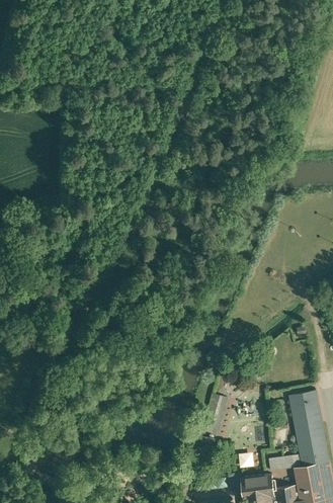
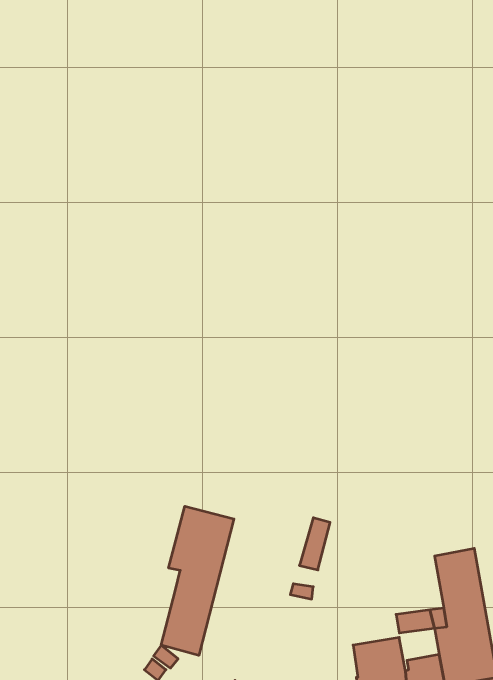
building: none -> [161,506,234,655]
building: [288,390,320,420] -> none

